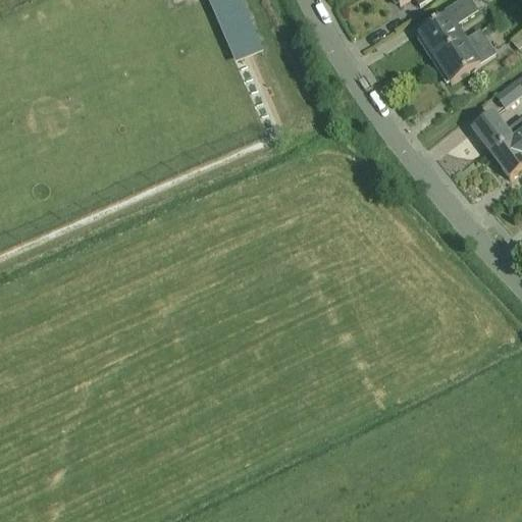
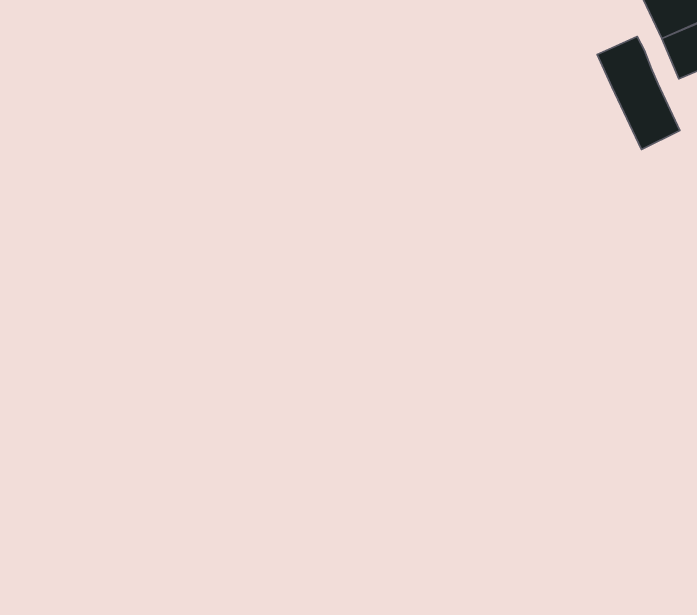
building: none -> [597,37,680,150]

